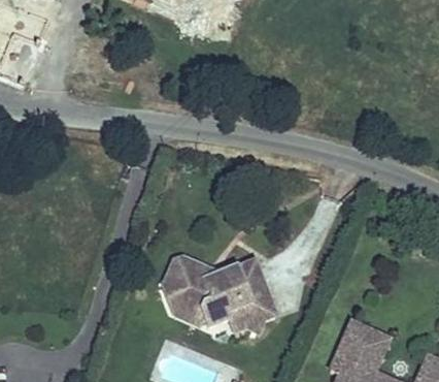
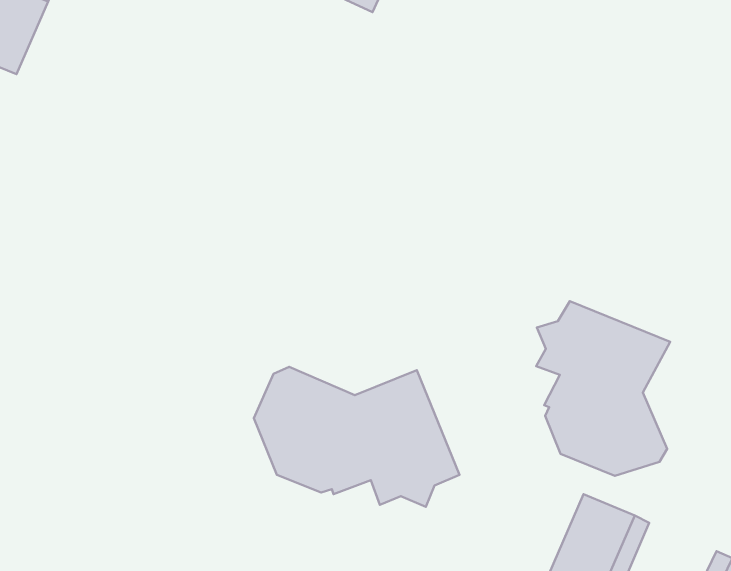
building: none -> [536,301,670,476]

